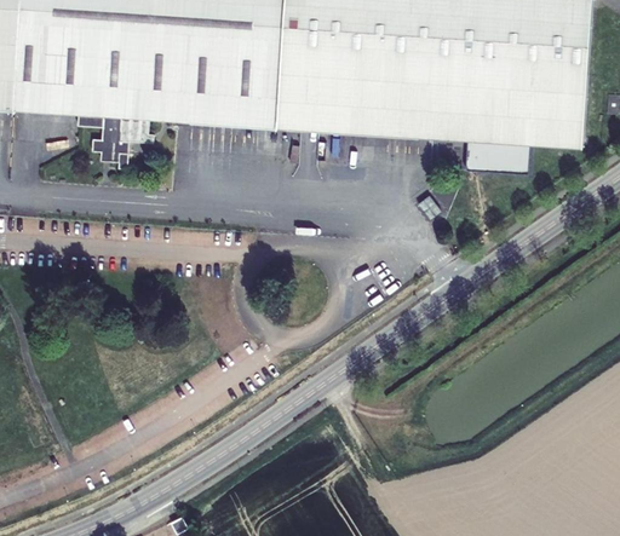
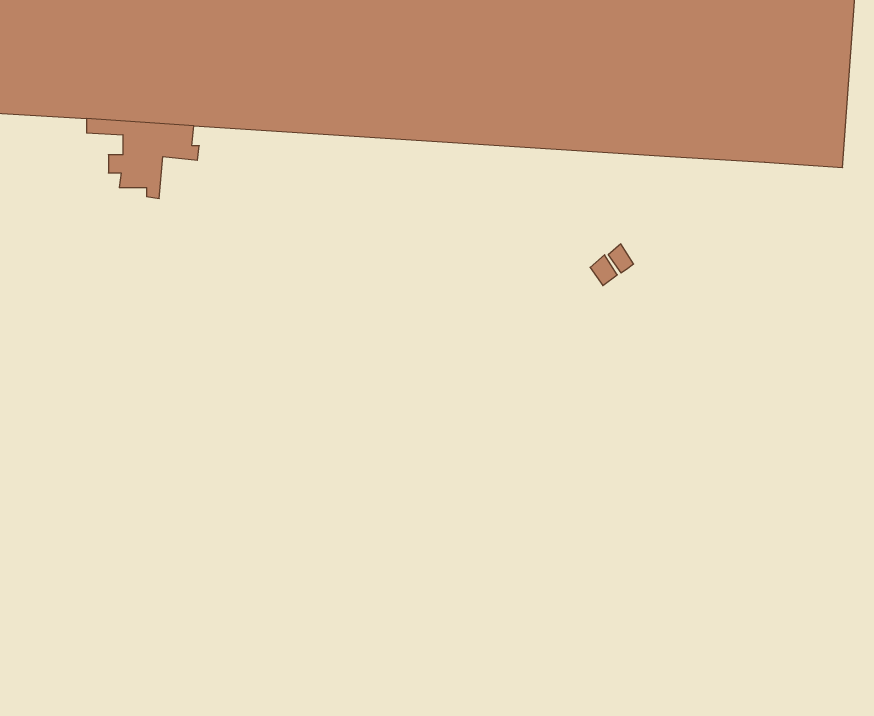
building: [464,142,529,175] -> none

